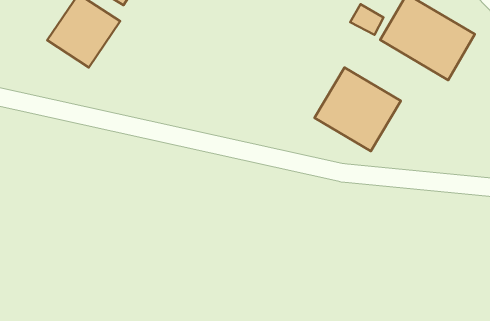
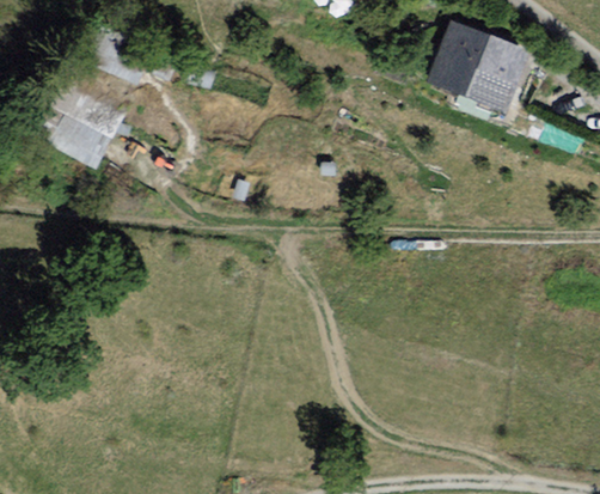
building: [315,68,401,151] -> none

